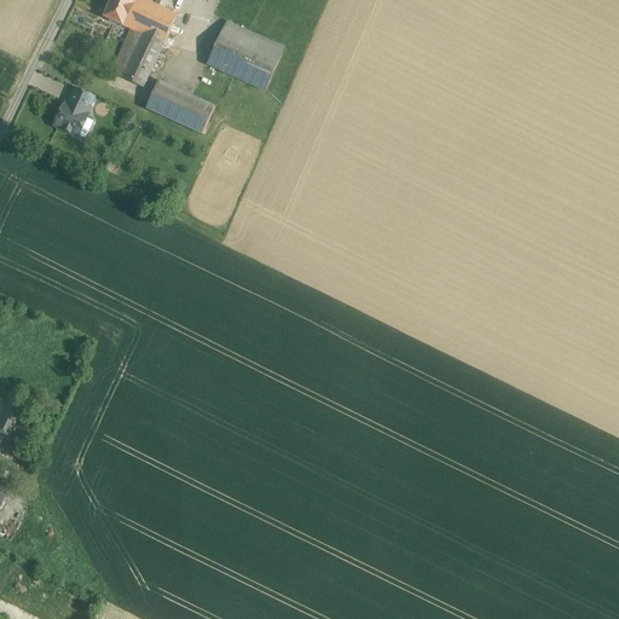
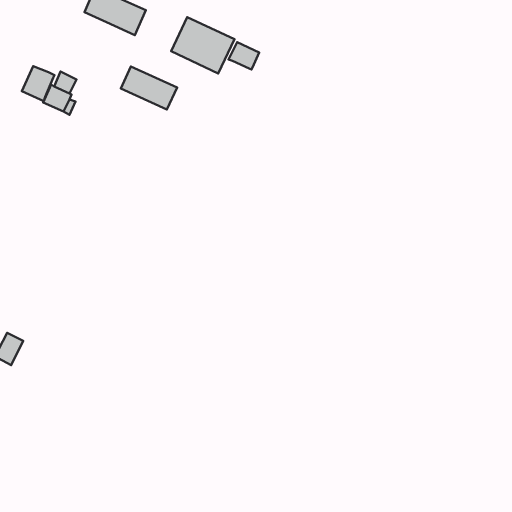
building: [109,27,162,86] -> none
building: none -> [229,42,259,69]
building: none -> [22,66,54,101]

